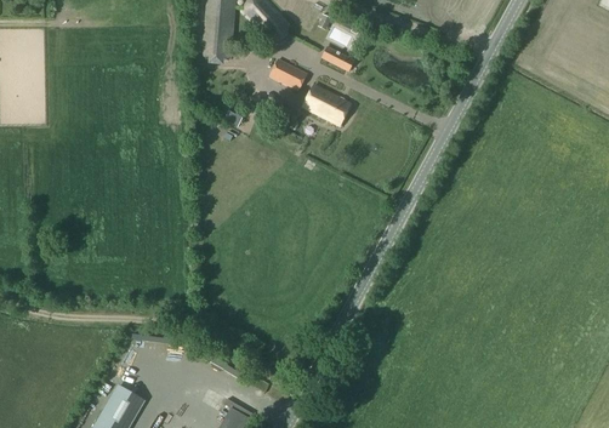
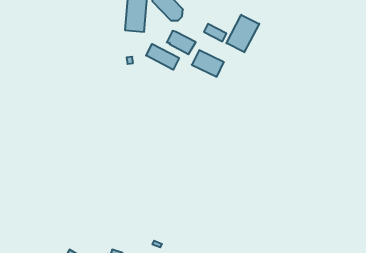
building: none -> [226,15,259,52]
building: none -> [146,44,179,70]

